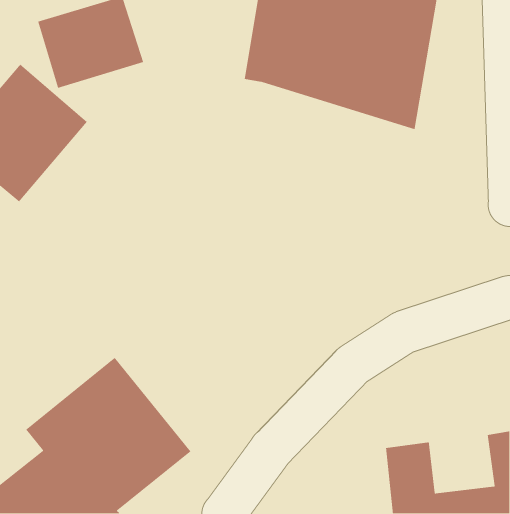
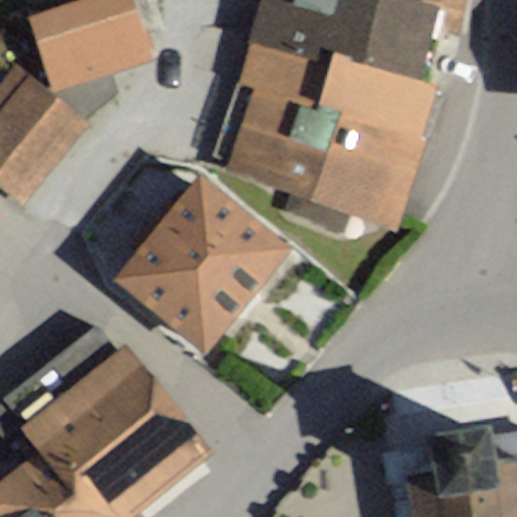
building: none -> [231,83,416,217]
building: none -> [119,187,288,356]
building: none -> [429,426,495,494]

